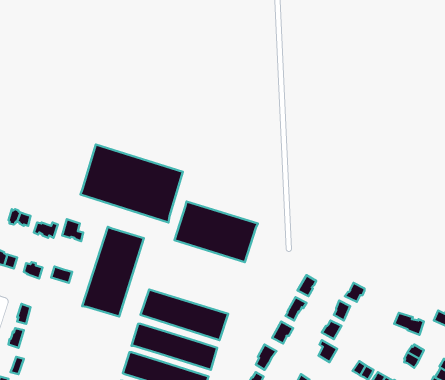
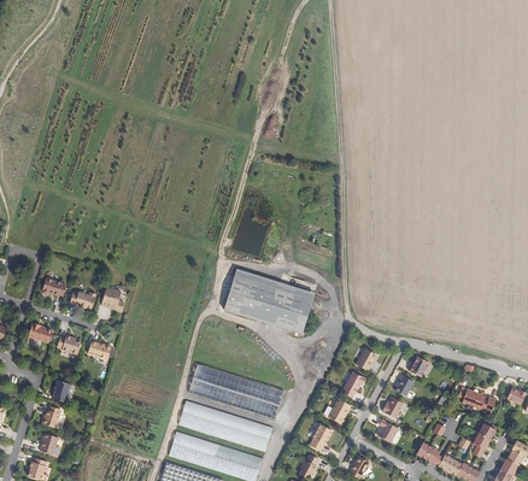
building: [80,145,183,222] -> none
building: [82,227,144,317] -> none

